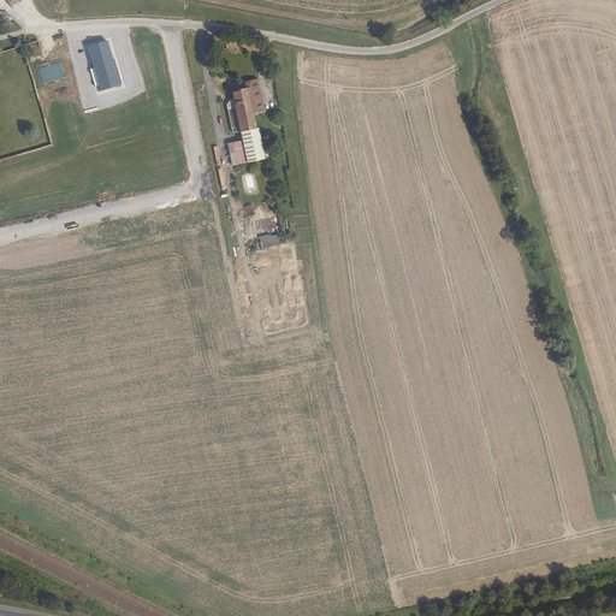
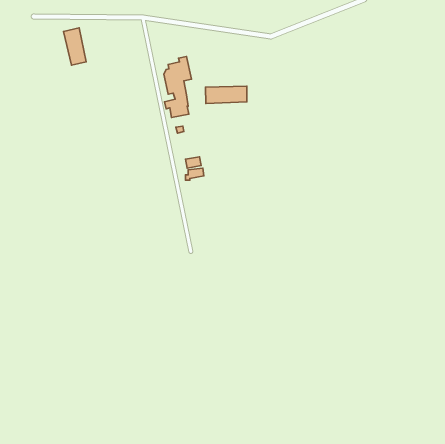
building: none -> [205,86,247,104]

